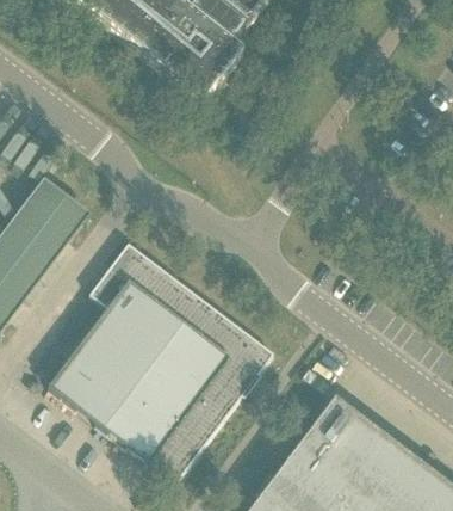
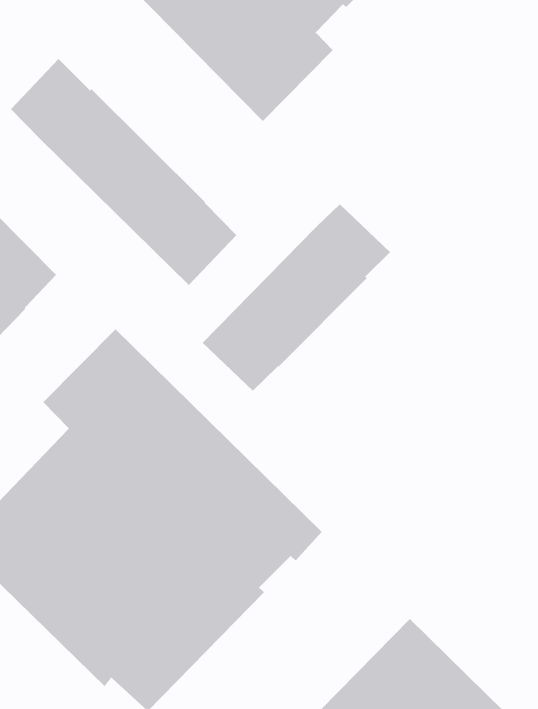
building: none -> [10,58,237,286]
building: none -> [202,203,391,392]

